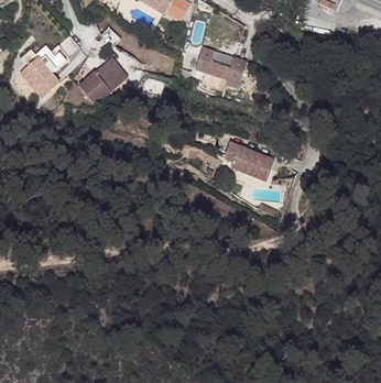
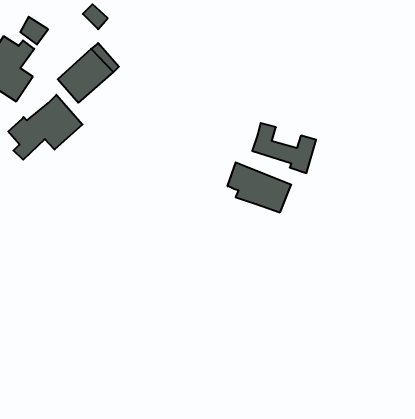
building: [195,48,246,88] -> [252,123,316,173]
building: none -> [8,95,83,160]

